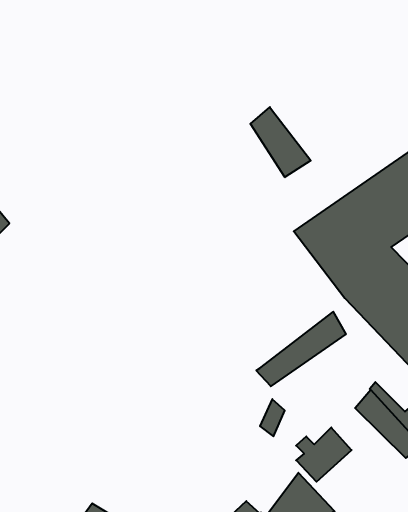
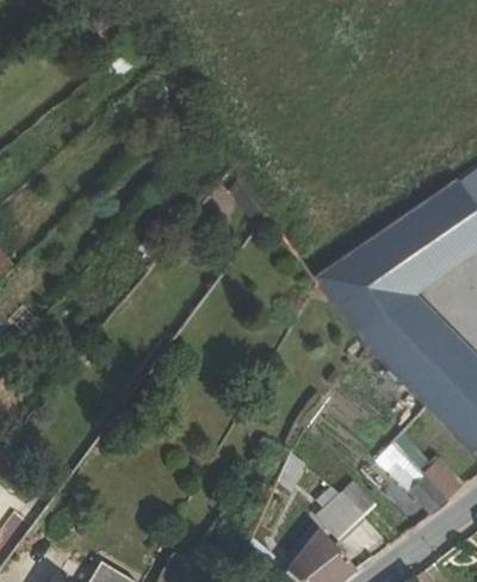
building: [250,107,311,177] -> none
building: [256,312,346,386] -> none

